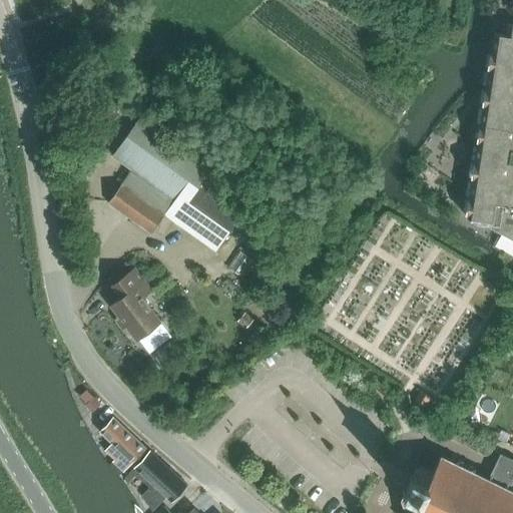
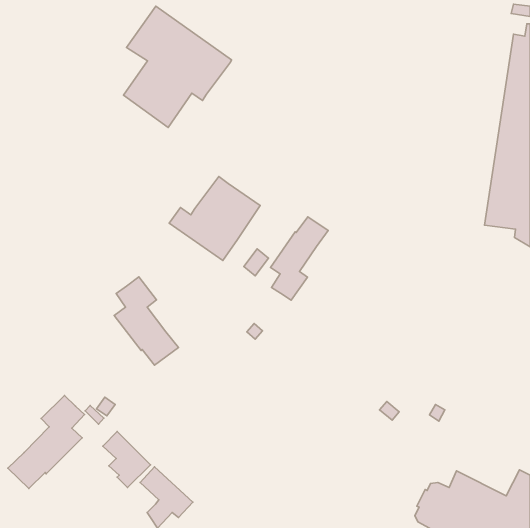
building: [108,118,212,235] -> [124,6,231,127]
building: none -> [270,217,328,300]
building: none -> [8,395,85,488]

